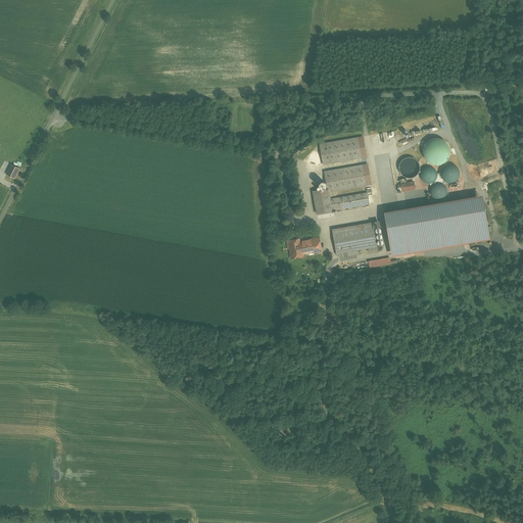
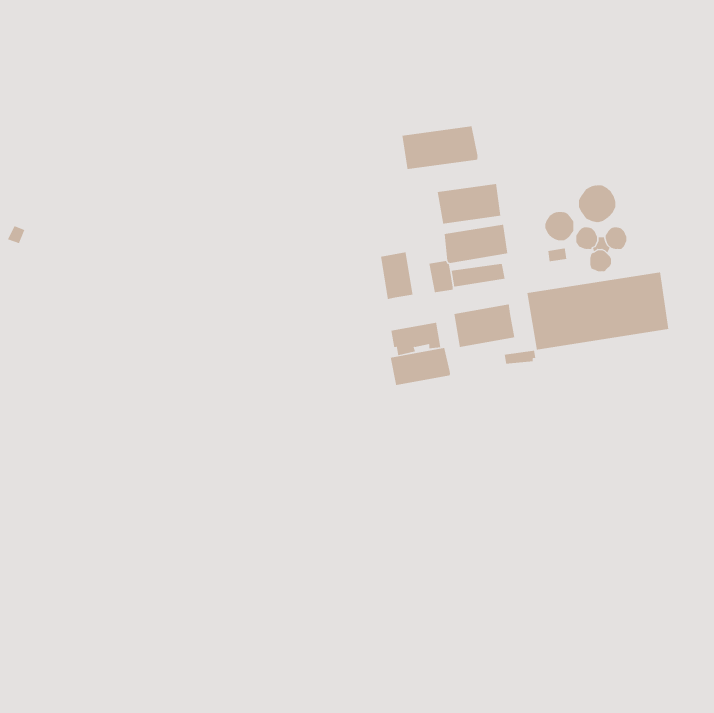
building: none -> [402,125,478,170]
building: none -> [380,252,413,300]
building: none -> [390,347,450,386]

